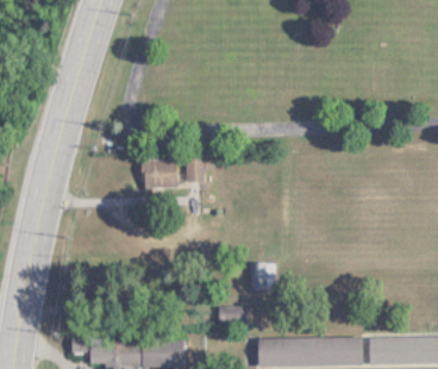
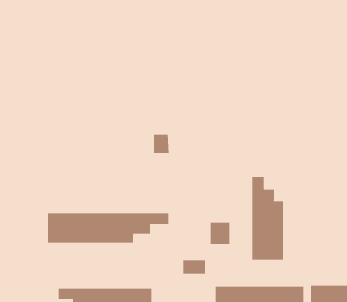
building: [142,161,179,189] -> none
building: none -> [252,176,283,260]
building: none -> [47,213,169,244]

